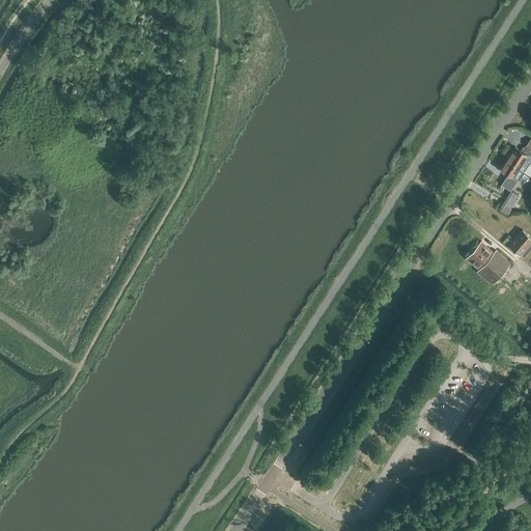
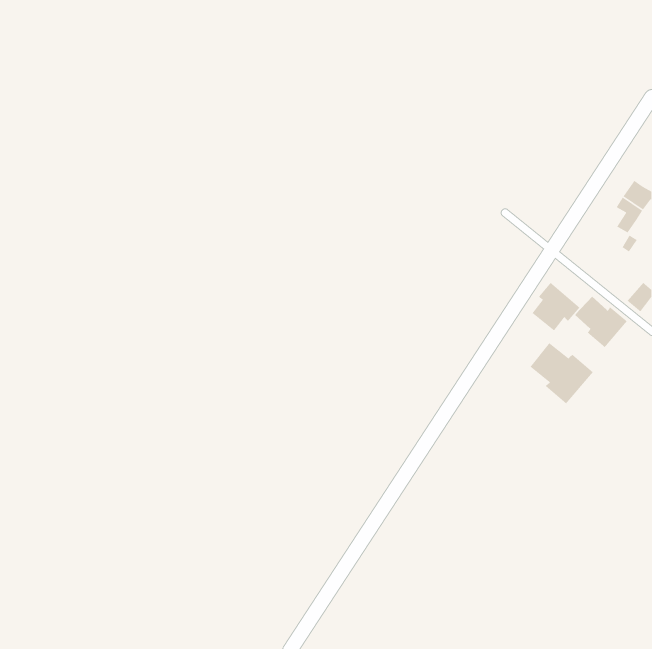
building: none -> [531,282,581,332]
building: none -> [530,342,594,404]

